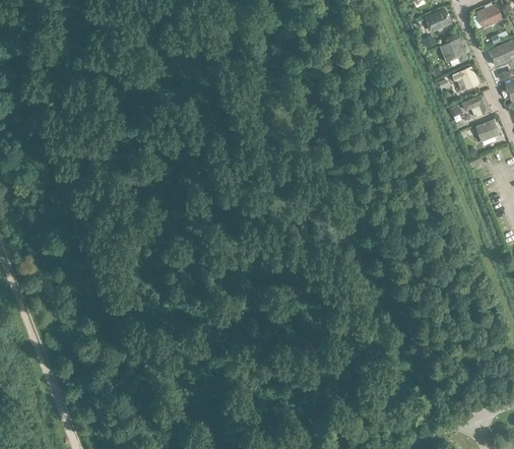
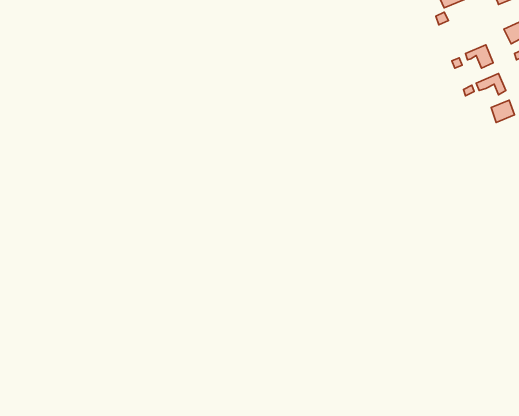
building: [439,38,466,61] -> none

